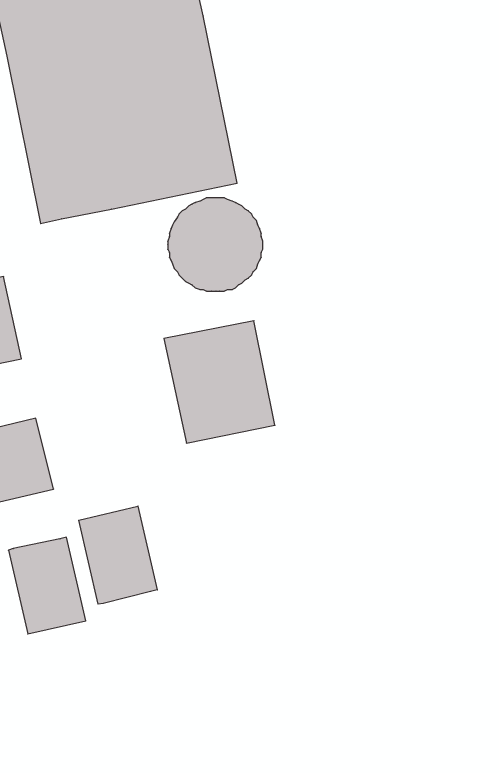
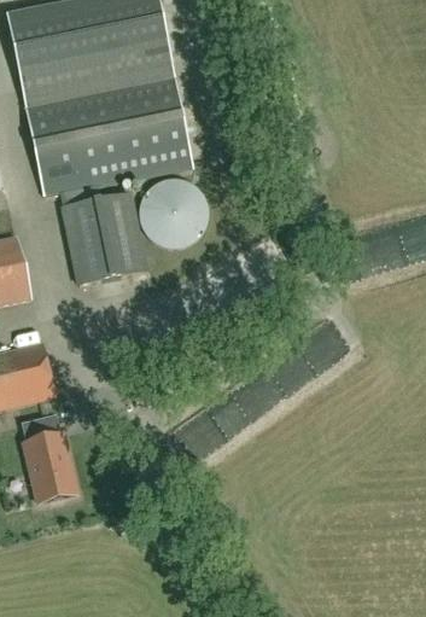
building: [164,321,275,443] -> [63,192,146,284]
building: [79,506,157,604] -> none

